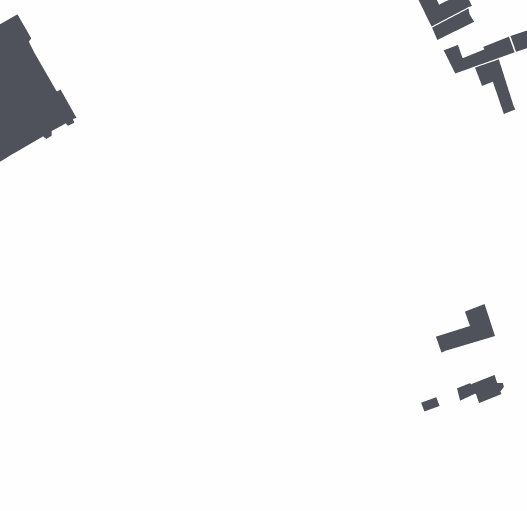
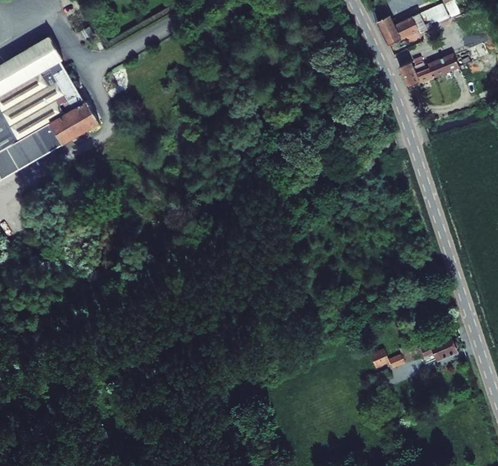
building: [474,58,516,115] -> none
building: [435,303,496,353] -> none

